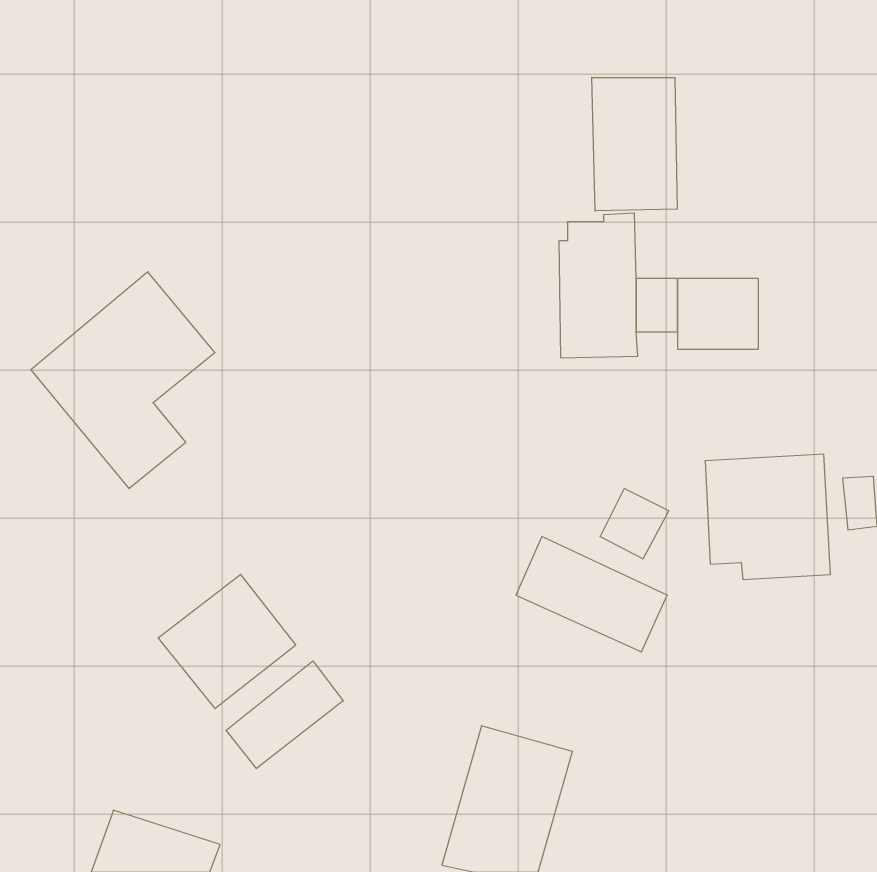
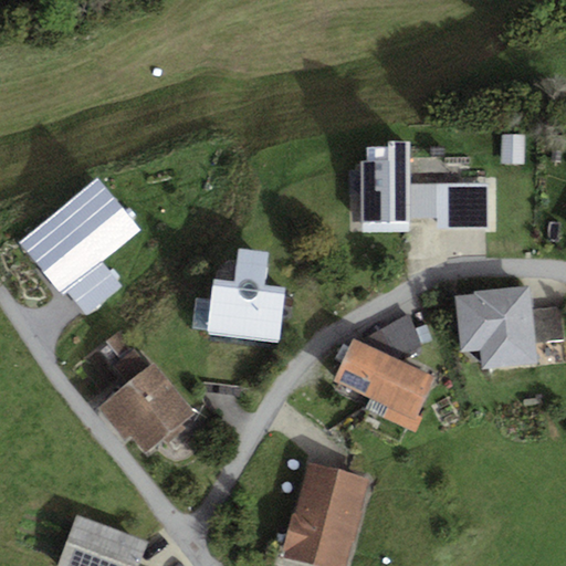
building: [592,77,677,211] -> none
building: none -> [205,245,286,335]
building: [226,661,343,769] -> none

